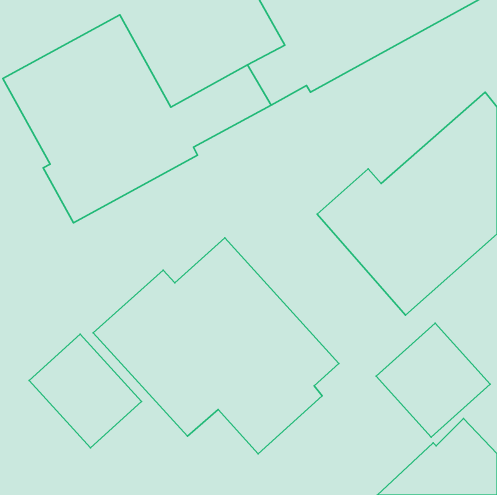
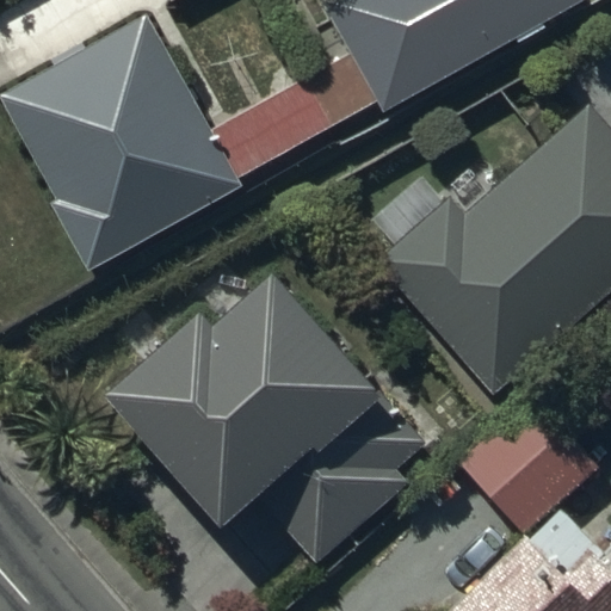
building: [29,334,141,448] -> none

